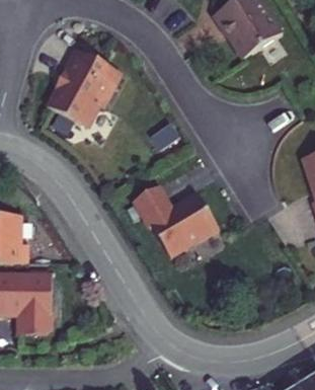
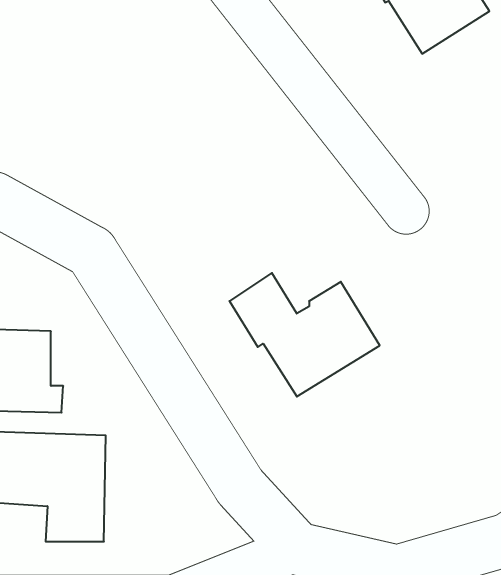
building: [48,55,122,130] -> none

